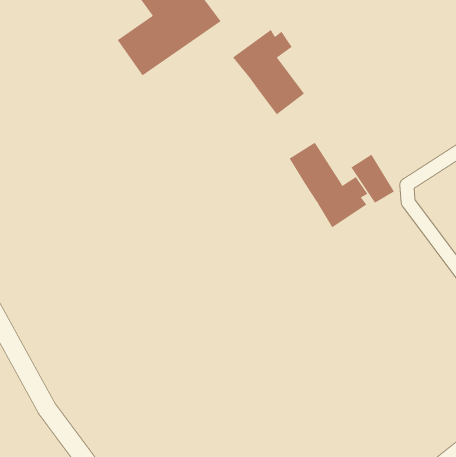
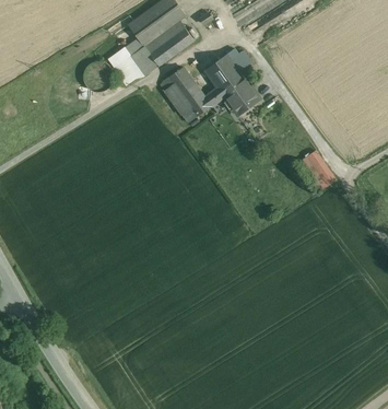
building: none -> [161,65,224,124]
building: [289,142,368,228] -> none

